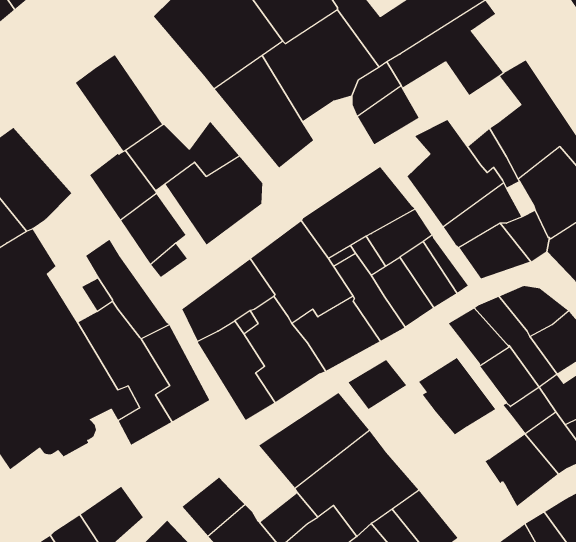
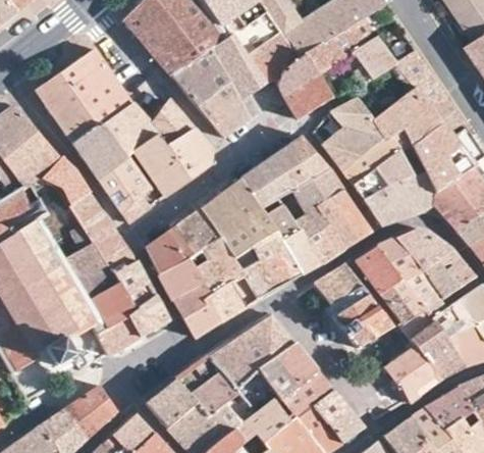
building: none -> [36,70,100,143]
building: none -> [40,156,90,206]
building: [347,359,407,410] -> [315,265,362,305]
building: none -> [175,355,236,415]

